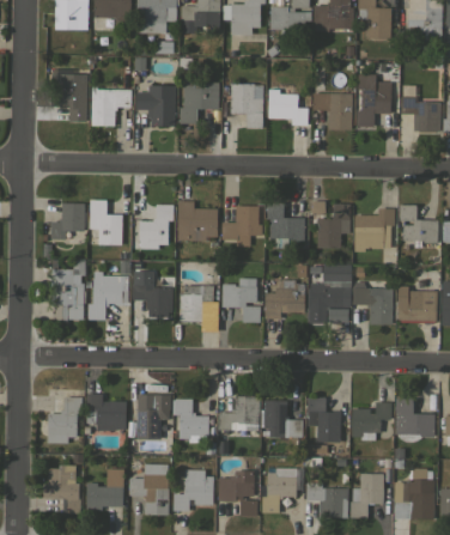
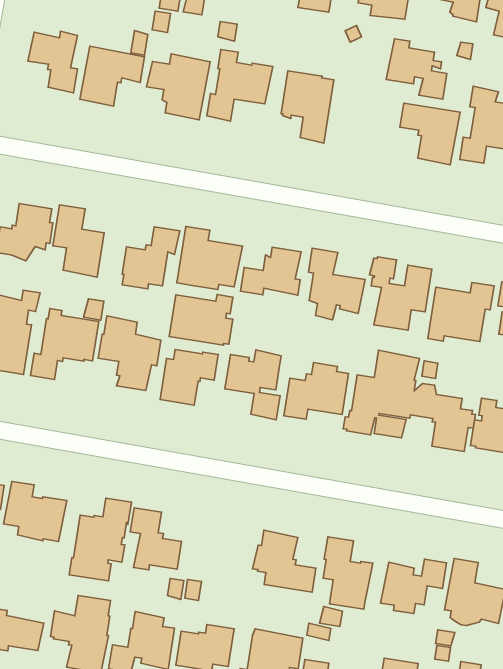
building: [267,90,308,126] -> [386,39,447,99]
building: none -> [169,294,233,345]
building: [218,396,260,431] -> none

